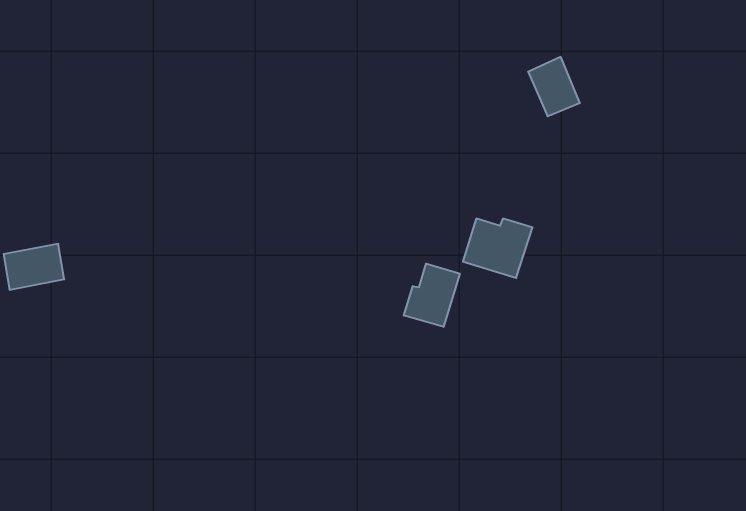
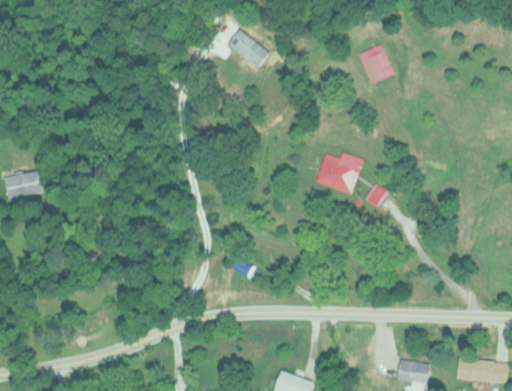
building: none -> [227,29,269,67]
building: [404,264,460,327] -> none

